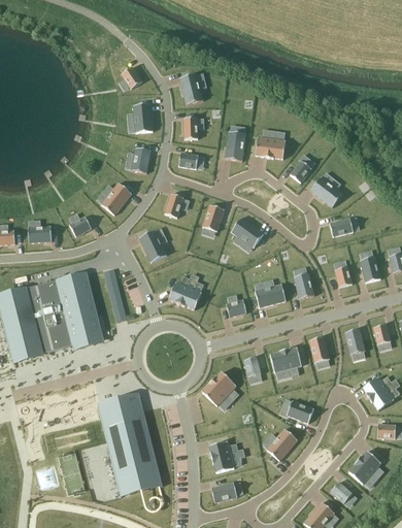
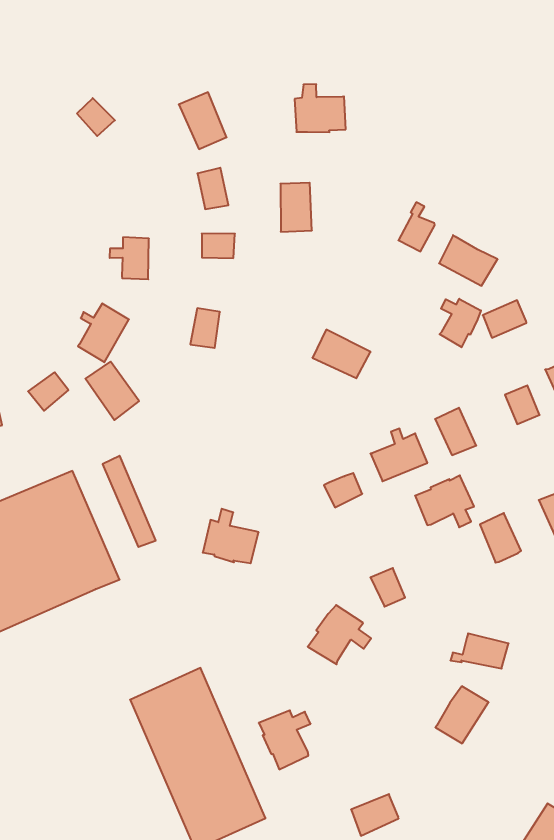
building: [127,103,153,132] -> none
building: [256,129,286,158] -> [295,84,346,132]
building: [202,204,225,231] -> none
building: none -> [440,299,481,347]
building: [139,229,167,262] -> [85,362,139,420]
building: [169,275,202,308] -> [203,509,259,563]
building: [270,346,302,375] -> [415,475,474,527]
building: [209,440,238,472] -> [259,710,311,769]

